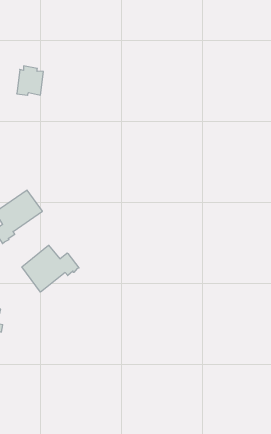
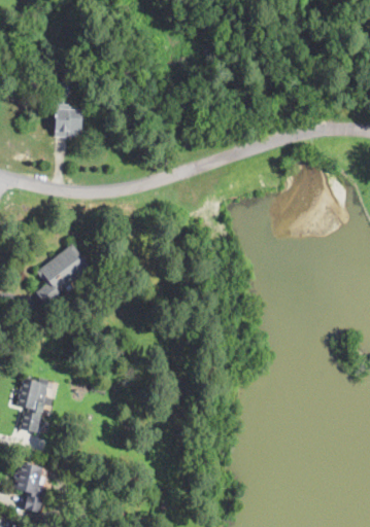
building: [22,245,79,292] -> none

